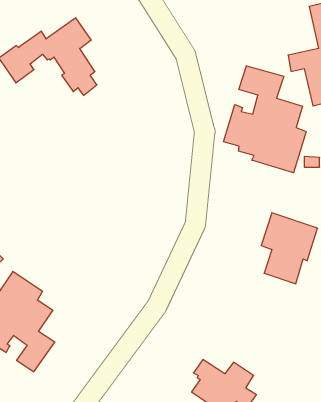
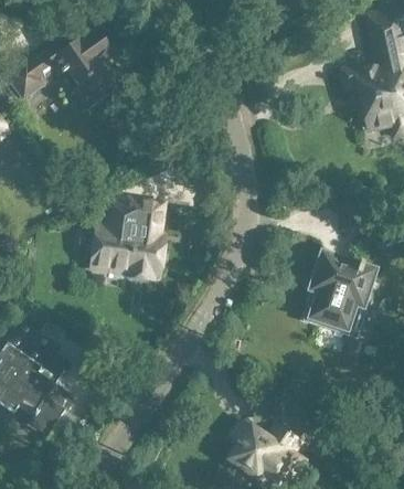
building: [224,66,306,173] -> none
building: none -> [91,200,162,279]

